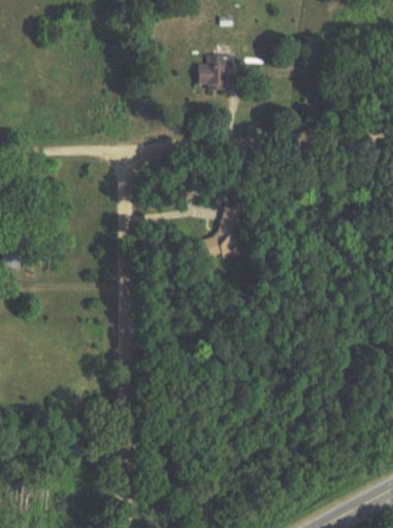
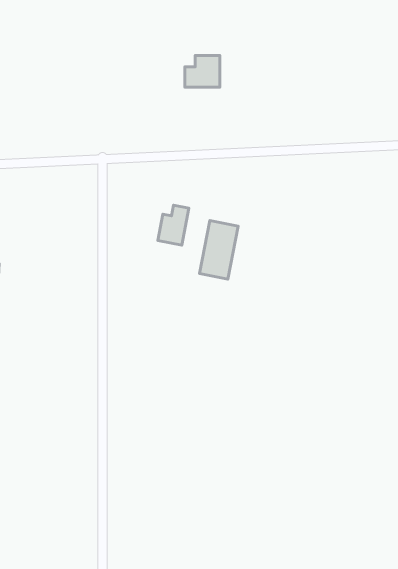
building: none -> [158,205,189,245]

